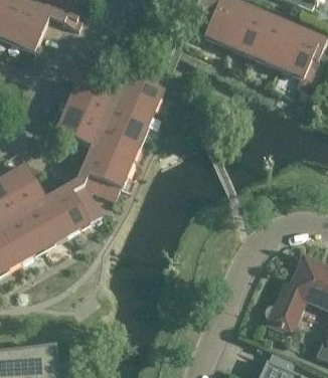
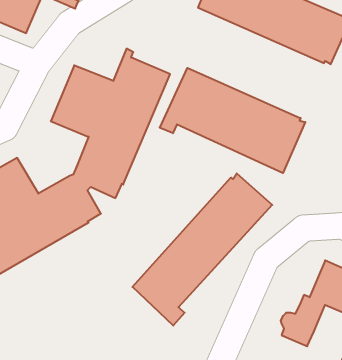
building: none -> [160,68,305,173]
building: none -> [132,173,272,326]

